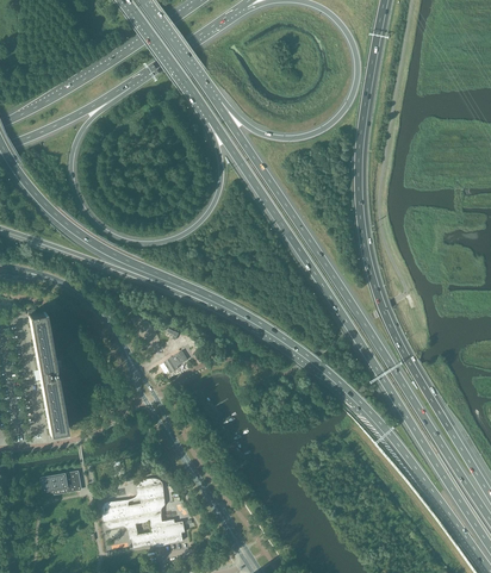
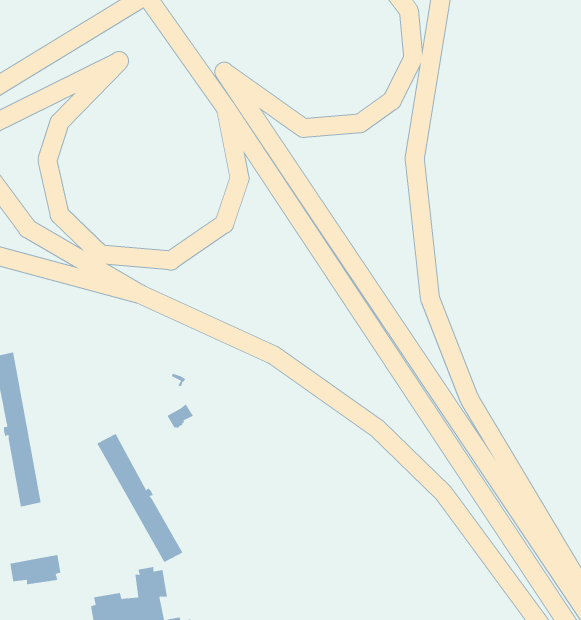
building: none -> [97,433,183,563]

